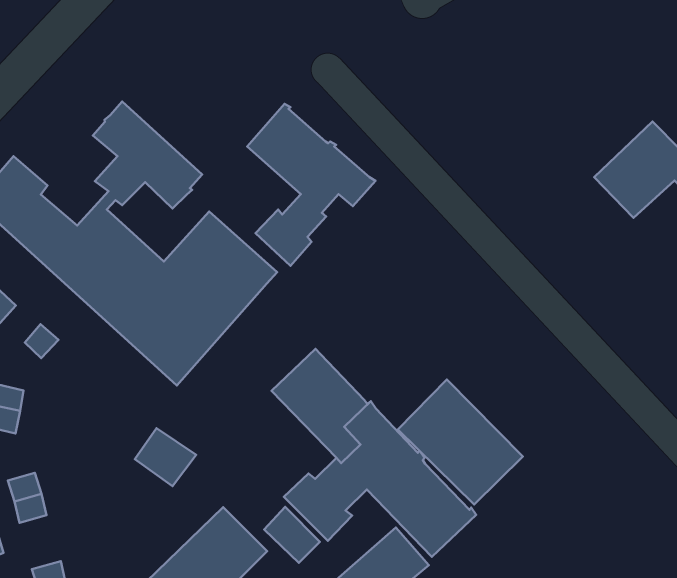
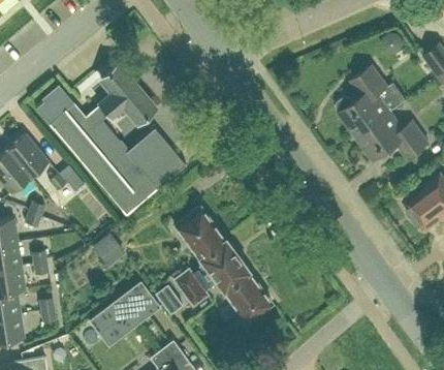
building: none -> [338,65,390,136]
building: [247,104,376,266] -> none
building: [398,379,523,504] -> none

